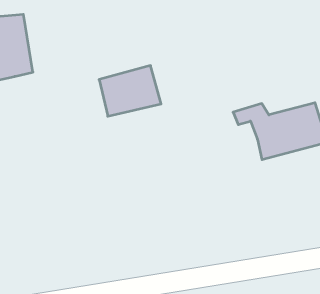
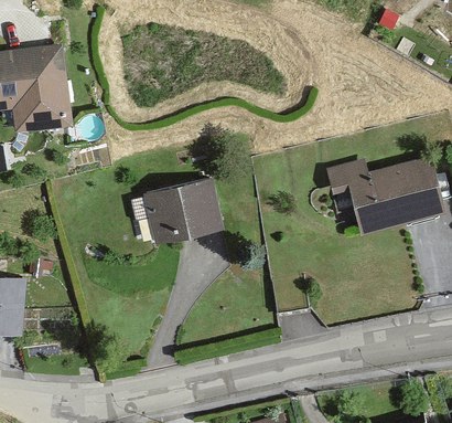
building: [99,66,161,116] -> [144,179,223,243]

